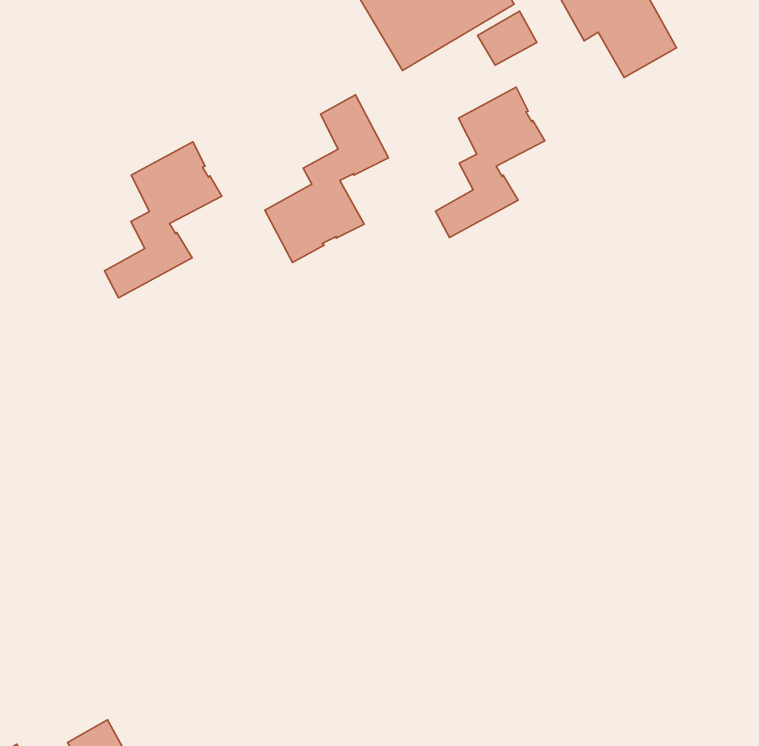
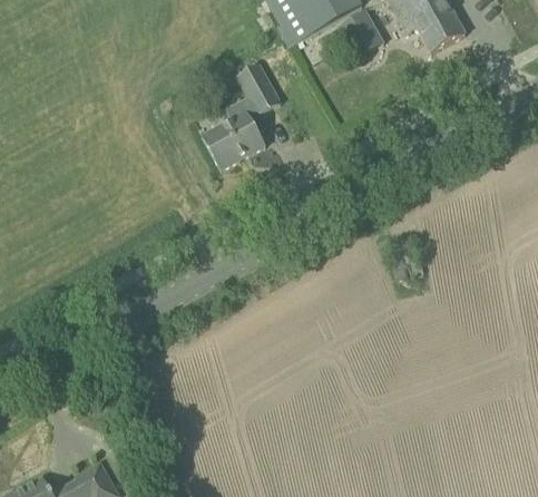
building: [436,87,545,238] -> none
building: [105,142,222,298] -> none

